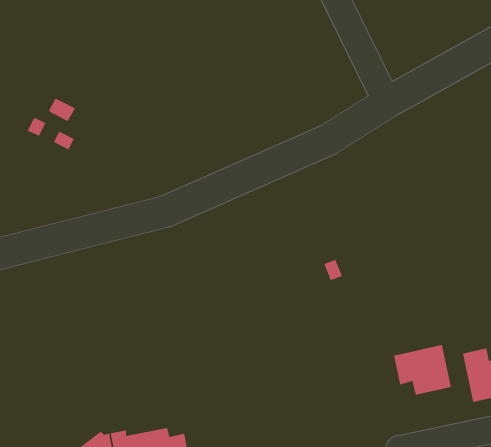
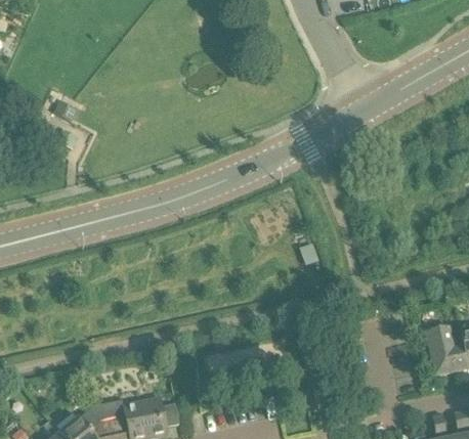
building: [394,344,452,395] -> none

